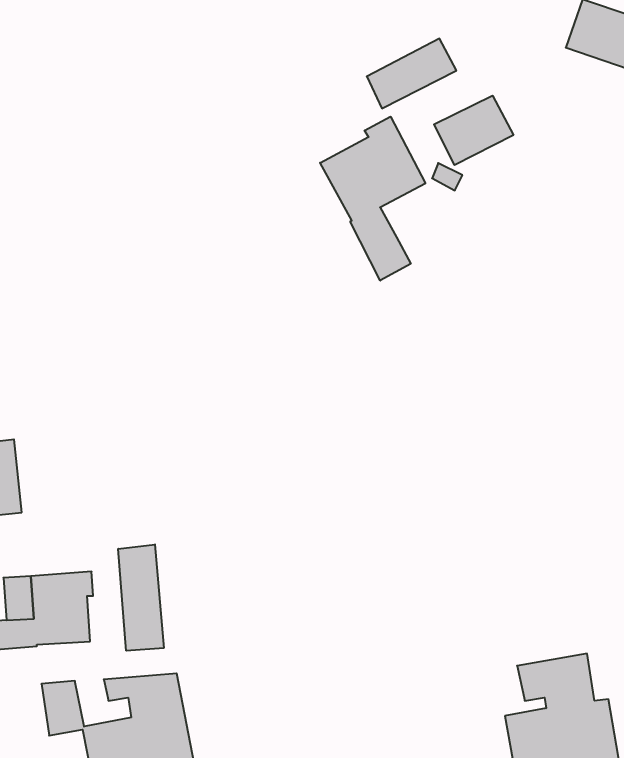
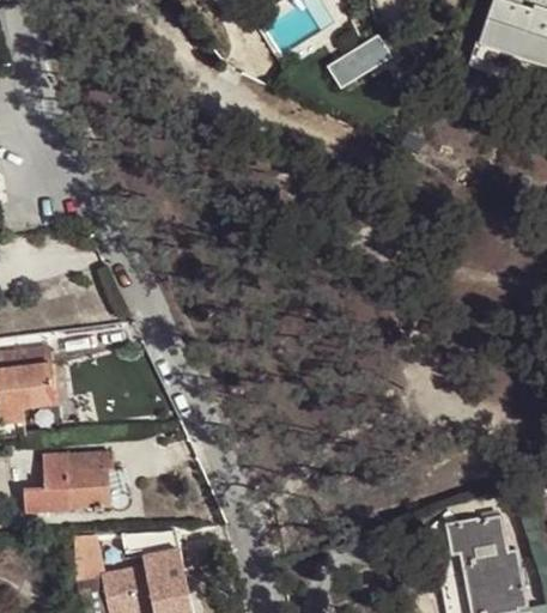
building: [434,96,513,165] -> none
building: [320,117,425,281] -> none
building: [118,544,164,651] -> none

